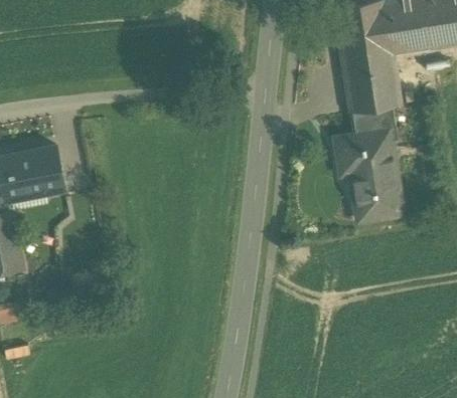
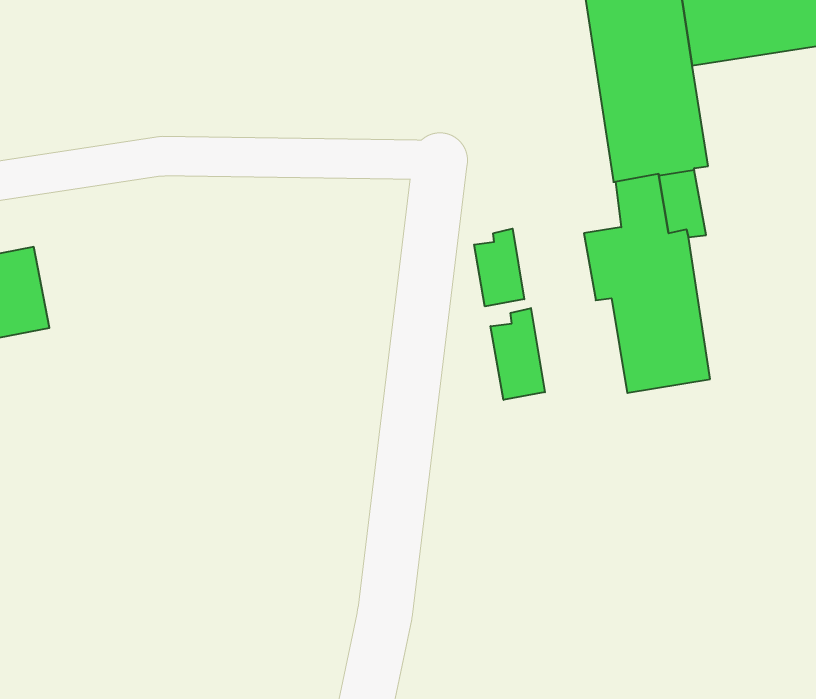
building: none -> [474,229,524,306]
building: none -> [491,308,545,400]

